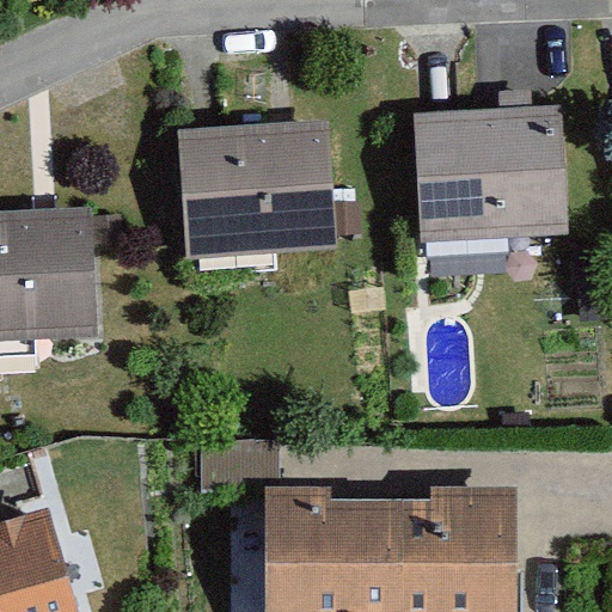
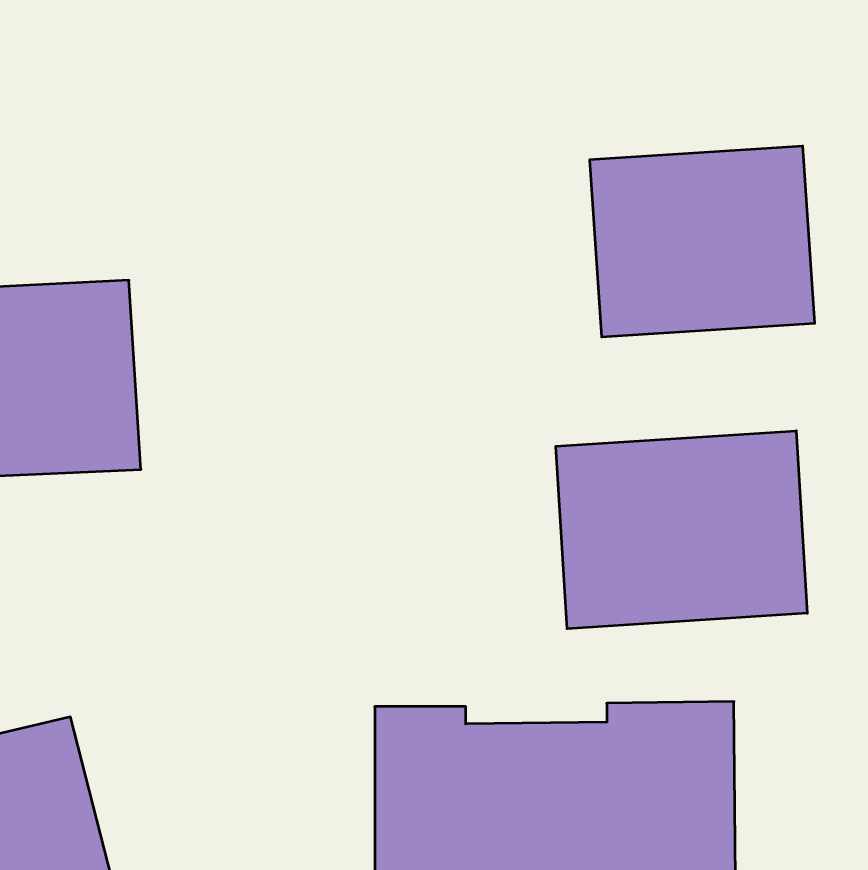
building: [182,121,339,255] -> none
building: none -> [556,431,807,629]

